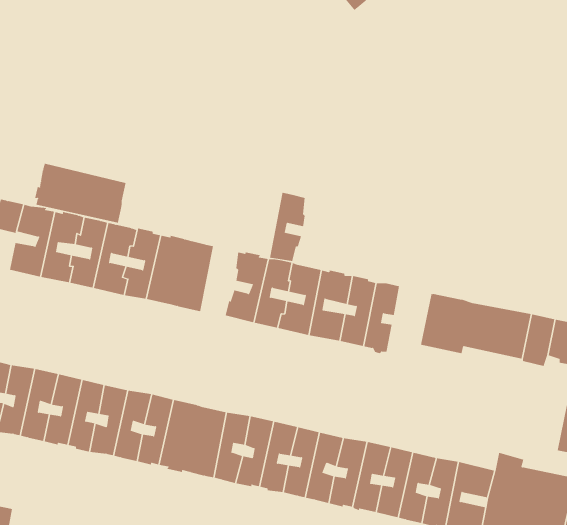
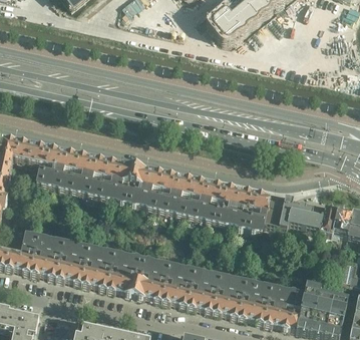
building: [35,163,126,224] -> none
building: [269,192,306,262] -> [142,168,162,207]
building: none -> [245,191,269,231]

